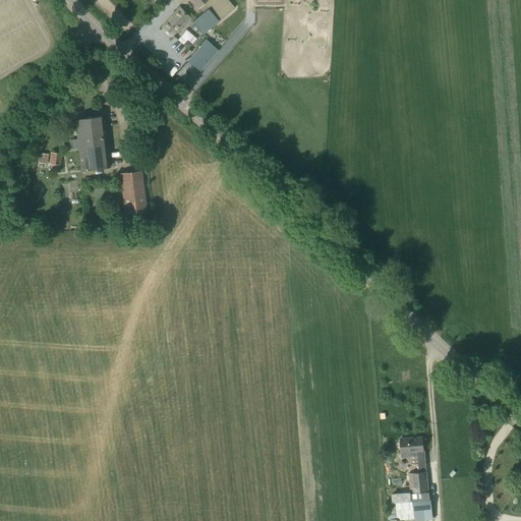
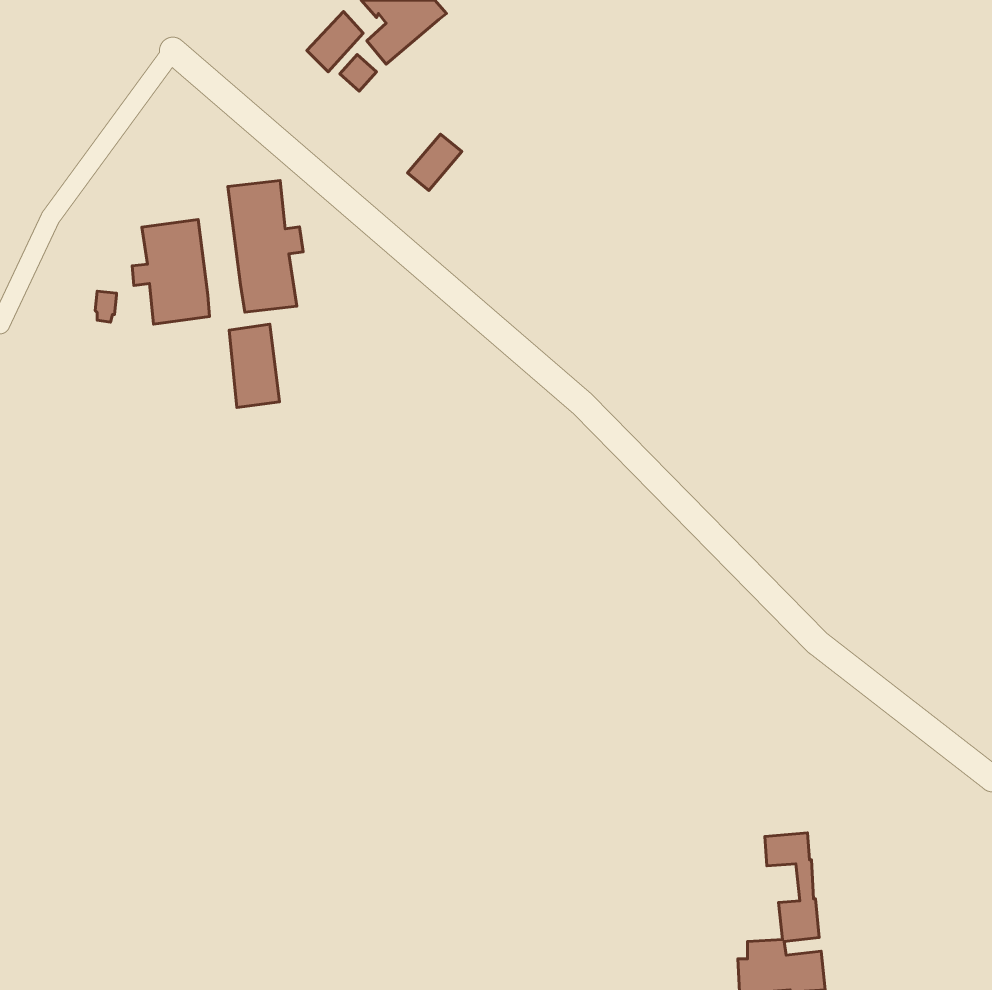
building: [189,42,218,71] -> [408,134,462,190]
building: none -> [228,181,303,312]

